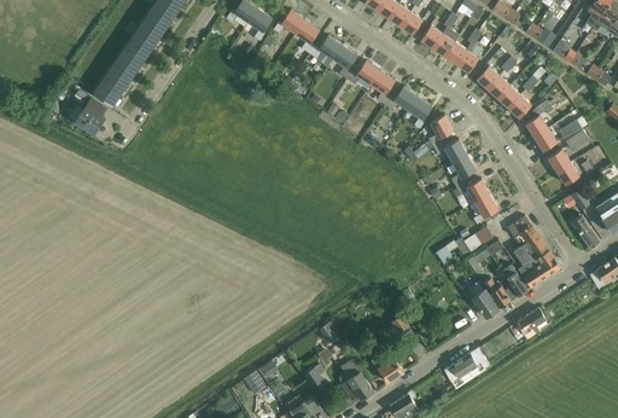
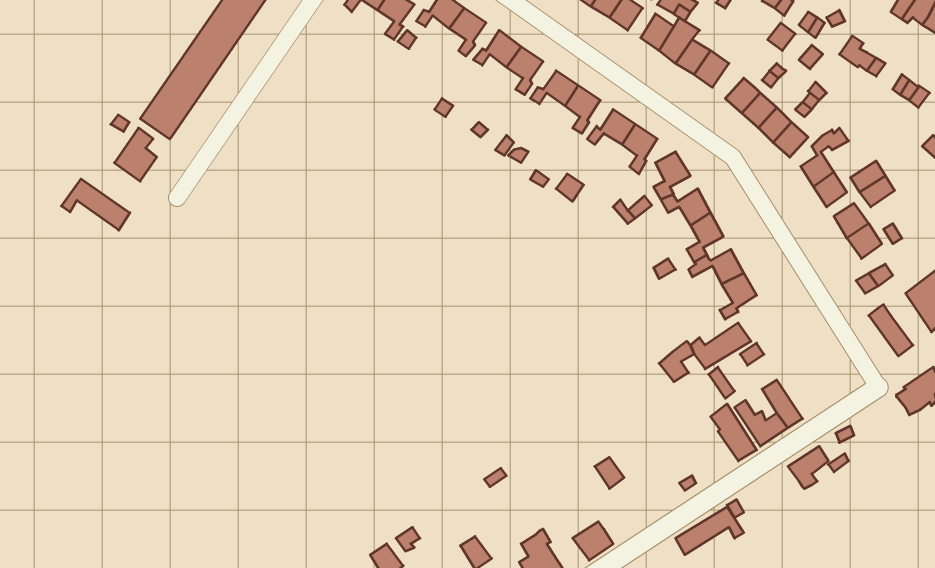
building: none -> [61,179,130,230]
building: [507,216,561,288] -> none

